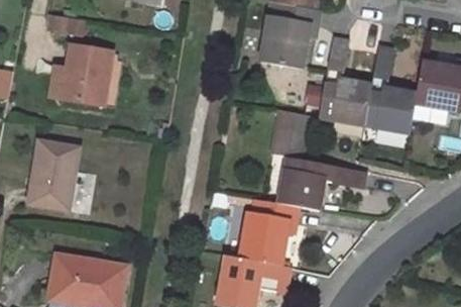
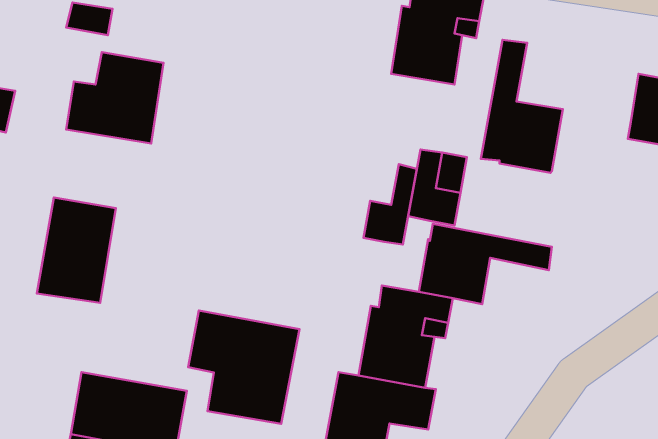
building: [363,45,416,133] -> none
building: none -> [363,164,417,245]
building: none -> [188,311,299,424]

